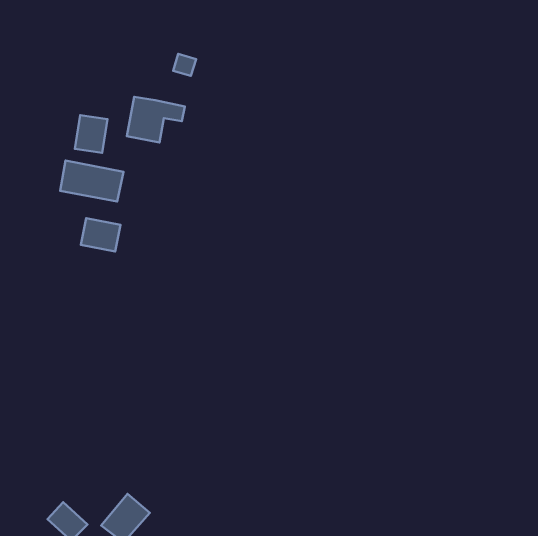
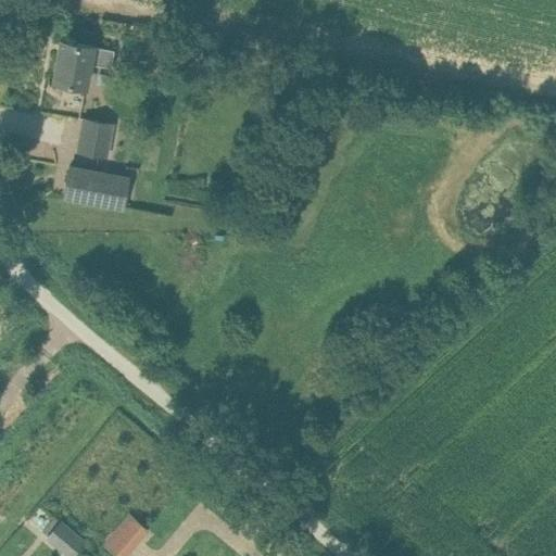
building: [127,97,185,142] -> [52,43,112,90]
building: [81,218,120,252] -> none

